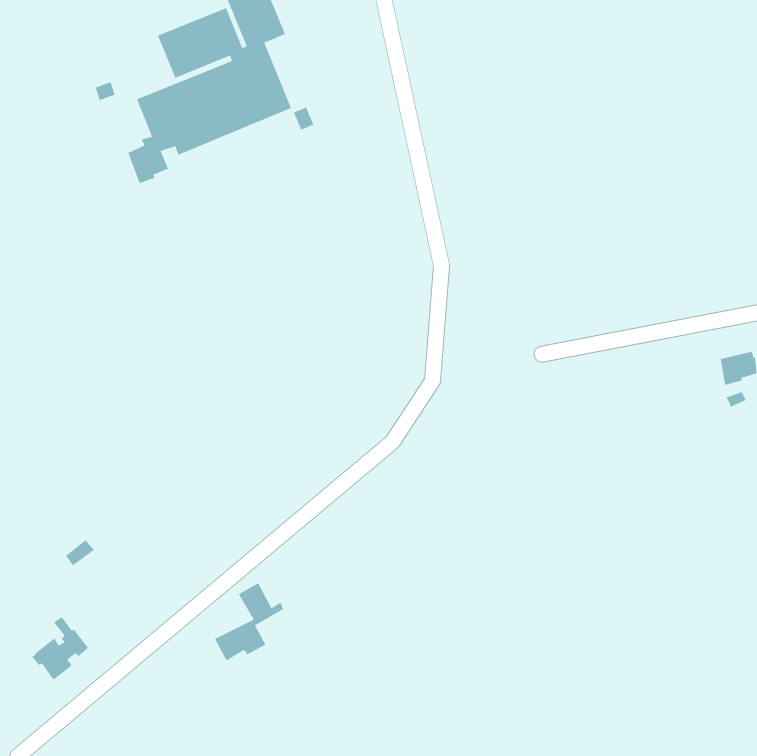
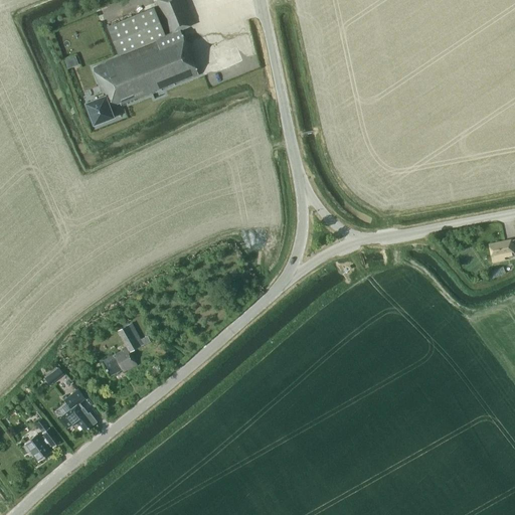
building: none -> [60,388,97,431]
building: [214,582,284,661] -> [102,322,149,375]

